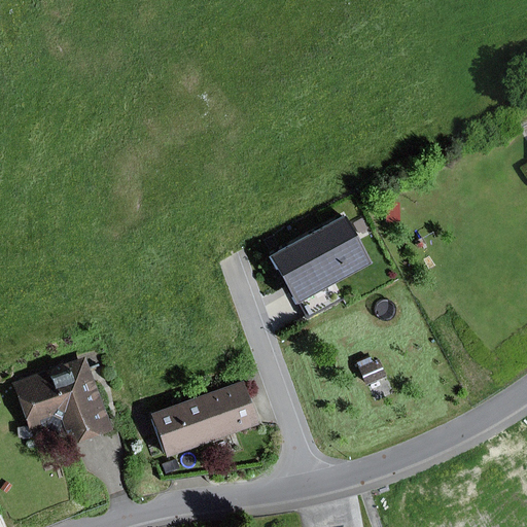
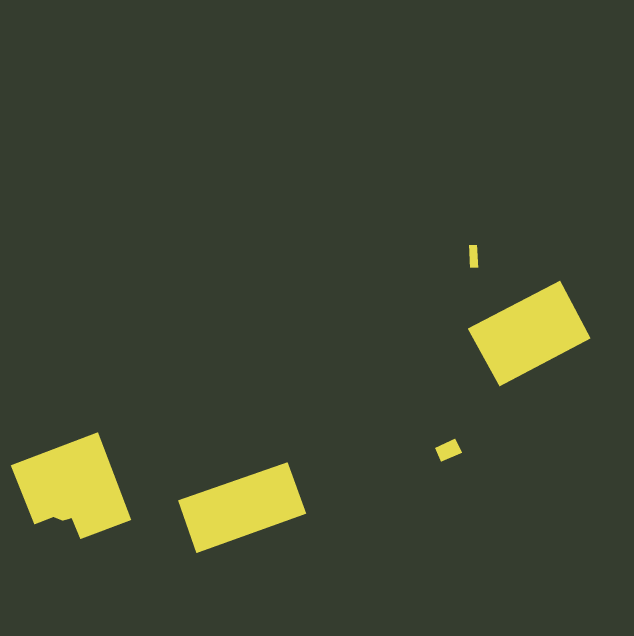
building: [270,215,373,304] -> [467,280,592,387]

